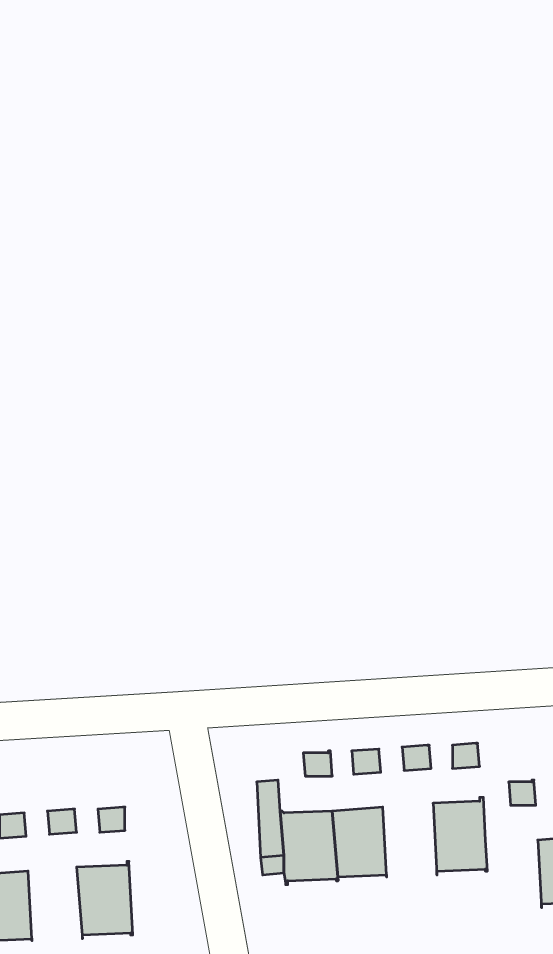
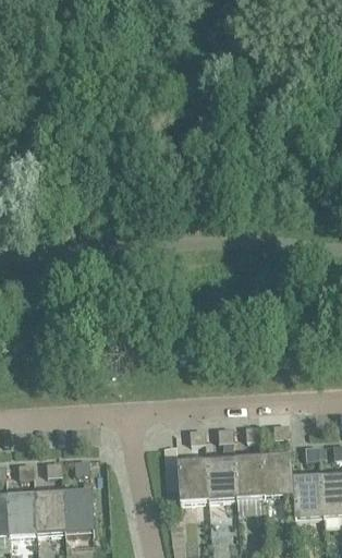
building: none -> [234,456,265,497]
building: none -> [292,476,323,515]
building: none -> [35,492,65,533]

